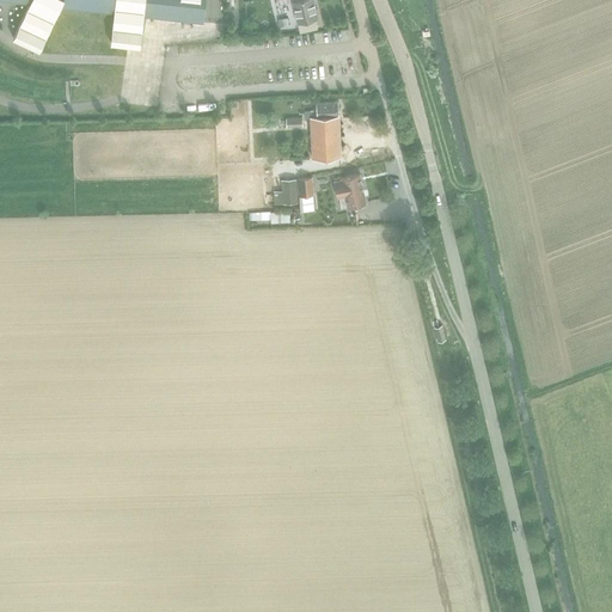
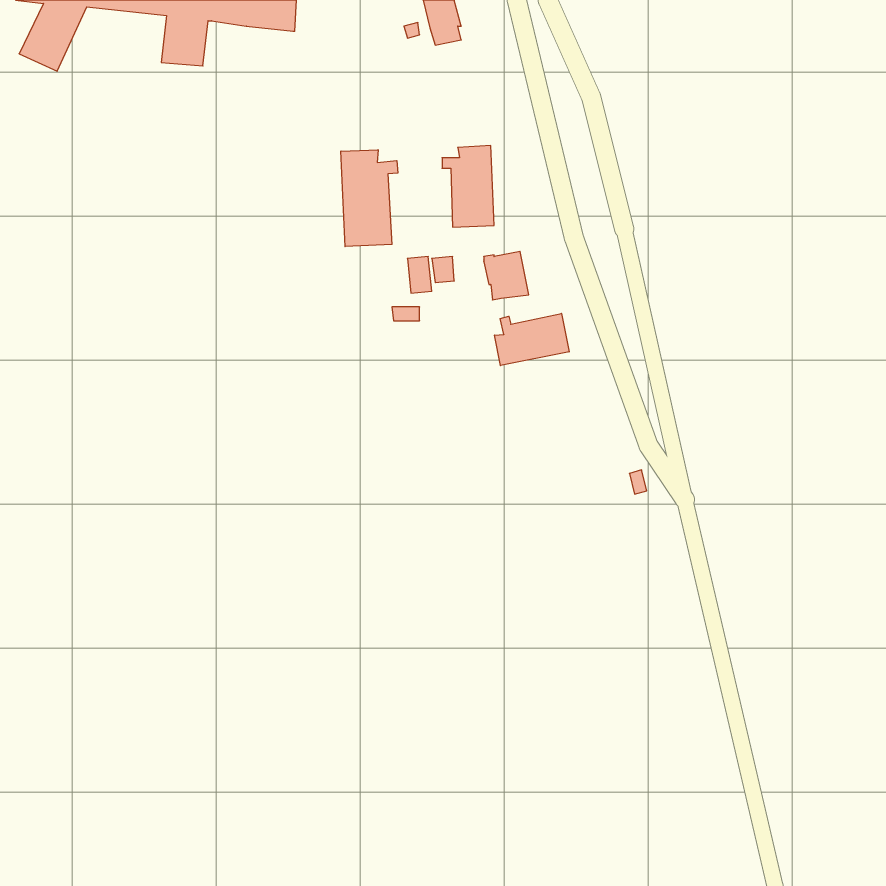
building: none -> [341,150,398,247]
building: none -> [495,313,569,366]

